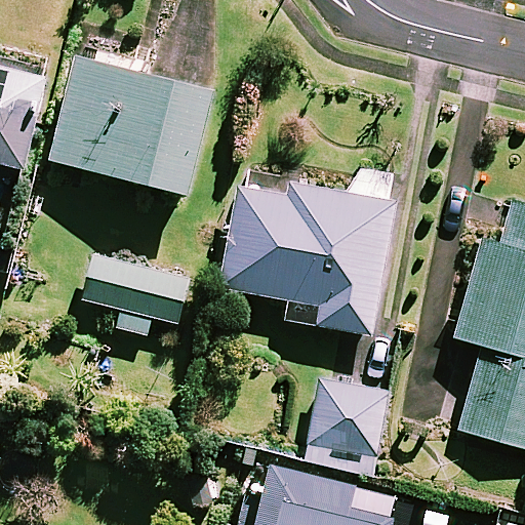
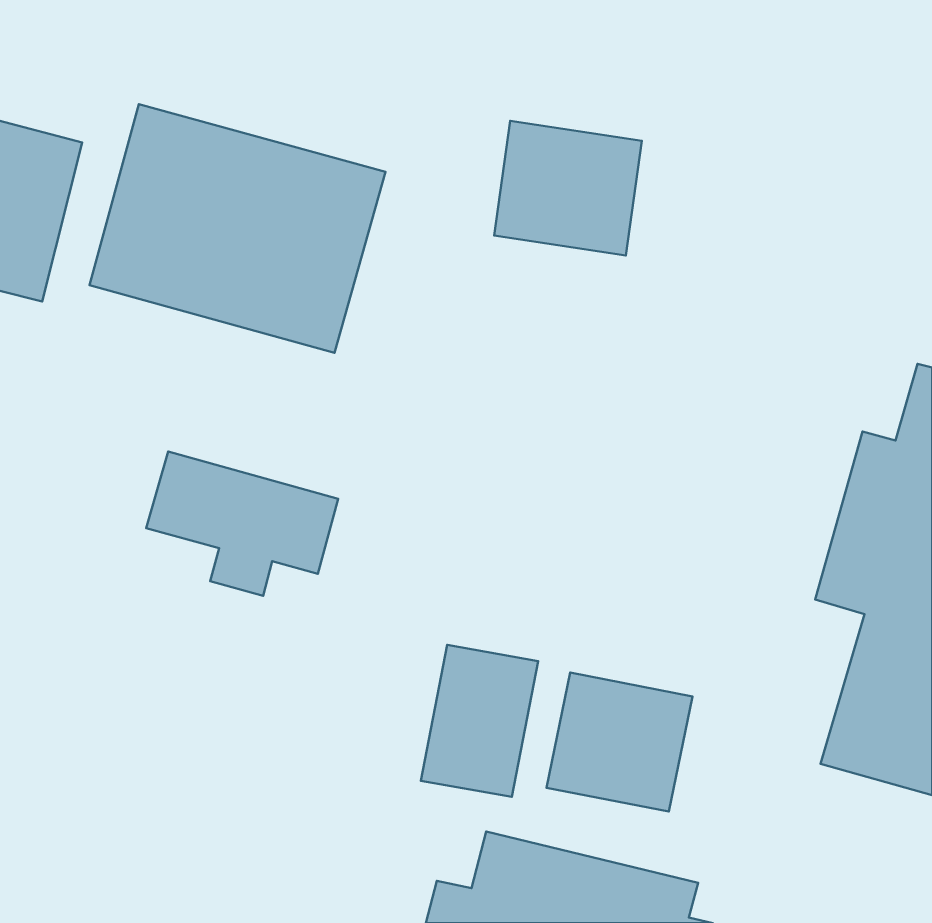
building: none -> [494,121,642,256]
building: [223,166,400,333] -> none
building: none -> [421,645,538,797]

